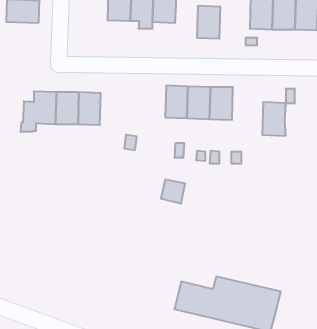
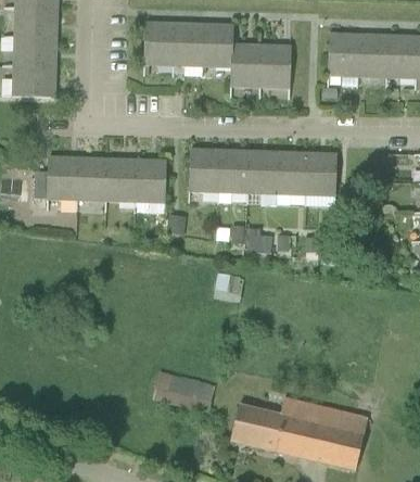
building: none -> [231,45,262,87]
building: none -> [12,66,55,98]
building: none -> [189,149,220,190]
building: none -> [135,158,166,201]
building: [262,102,286,136] -> [306,151,336,194]
building: none -> [153,368,216,410]

